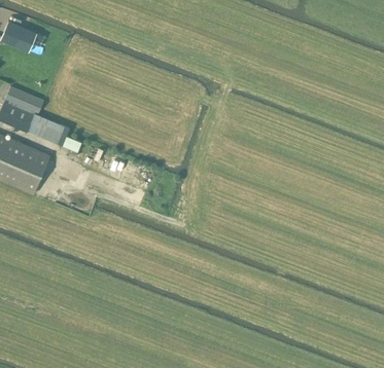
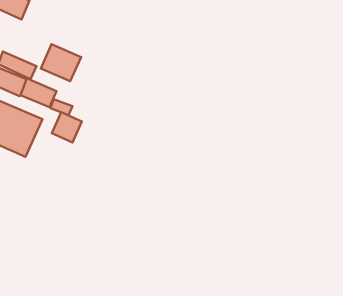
building: none -> [41,44,81,81]
building: none -> [52,112,82,142]

